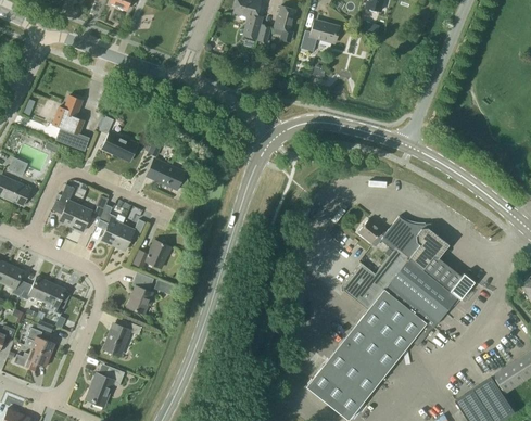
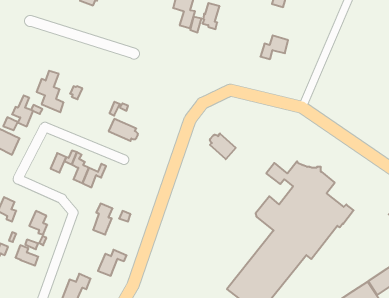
building: [300,20,337,51] -> [260,35,288,59]
building: [103,132,138,162] -> none
building: none -> [210,133,236,159]
building: [51,184,79,226] -> [12,95,33,126]
building: [134,240,172,268] -> none
building: [20,277,51,302] -> none
building: [103,319,141,354] -> [98,250,127,276]
building: [13,347,50,370] -> none

